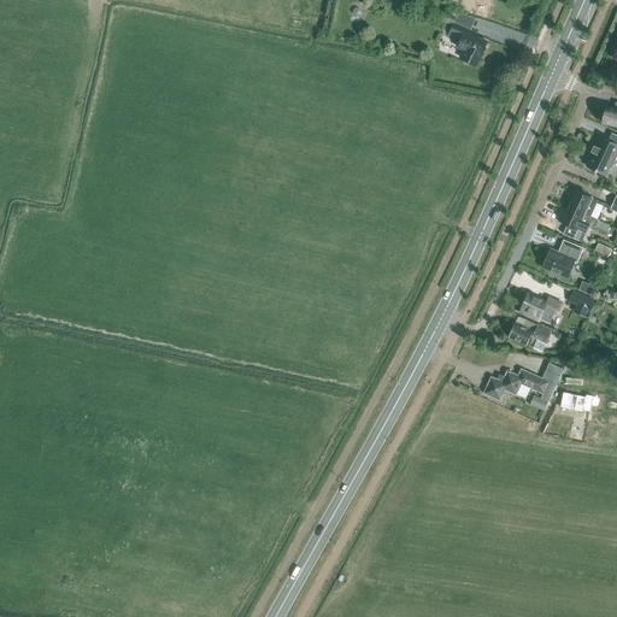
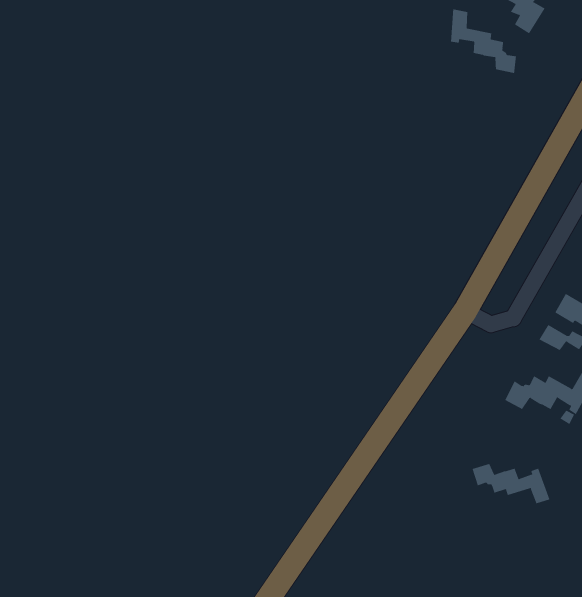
building: none -> [451,9,516,74]
building: none -> [472,463,550,504]

